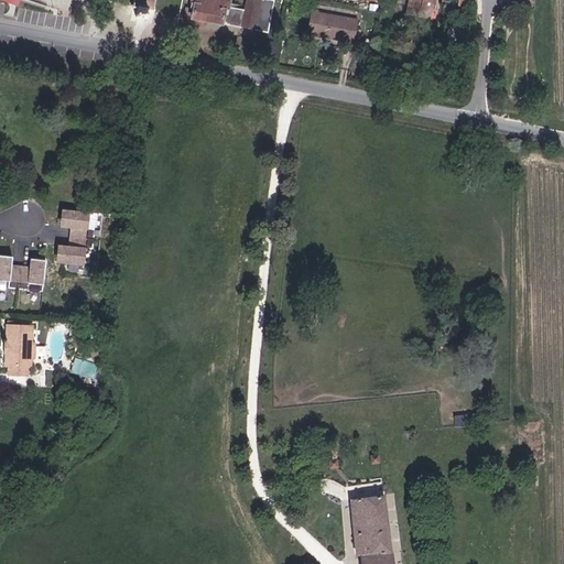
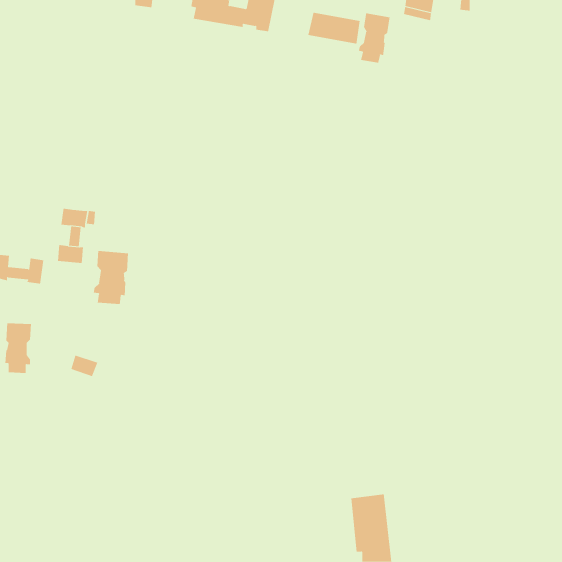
building: none -> [358,13,390,63]
building: none -> [93,250,129,305]

